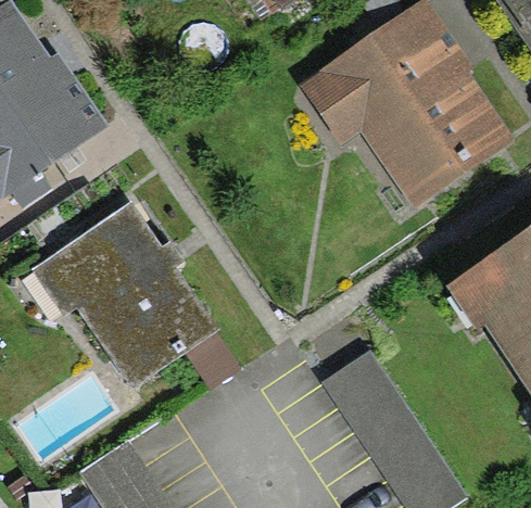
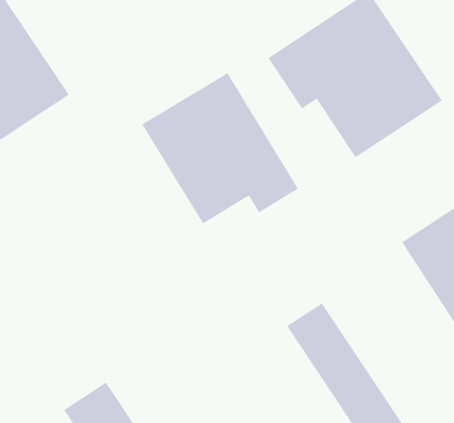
building: none -> [141,72,299,224]
building: [36,208,205,376] -> none

